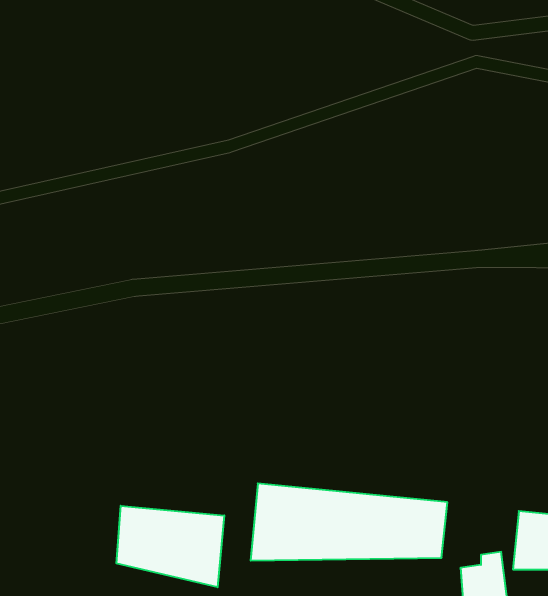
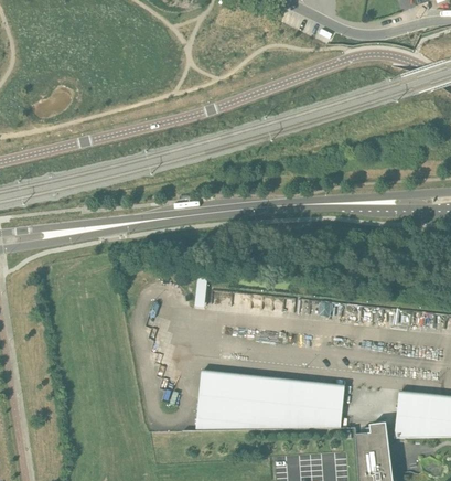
building: [116,506,224,587] -> none

